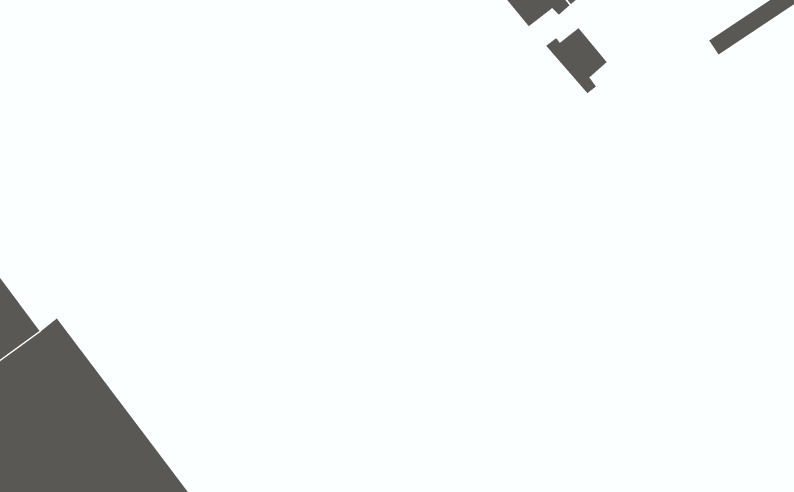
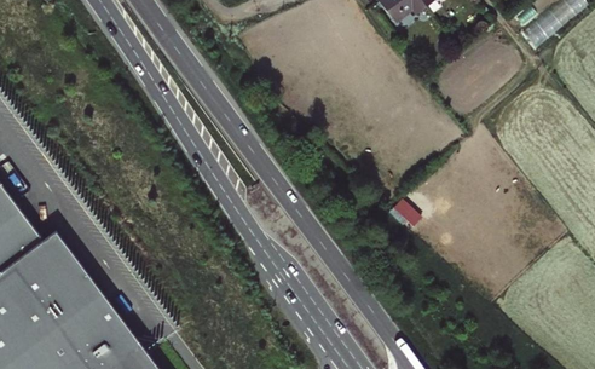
building: [545,27,607,94] -> none

